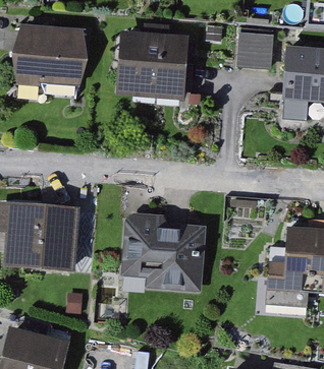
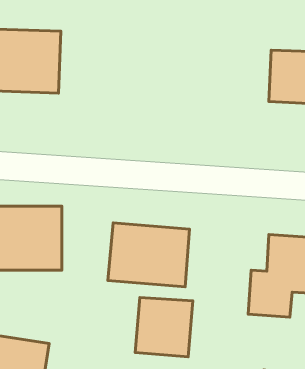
building: [233,32,269,69] -> none
building: [116,36,185,103] -> none
building: none -> [135,298,193,357]

